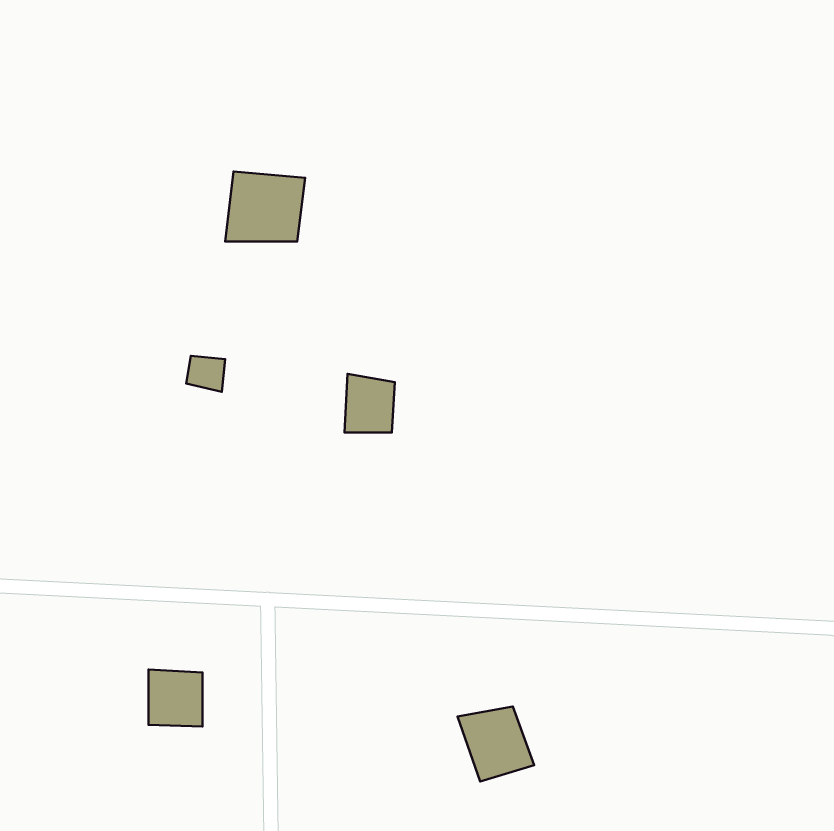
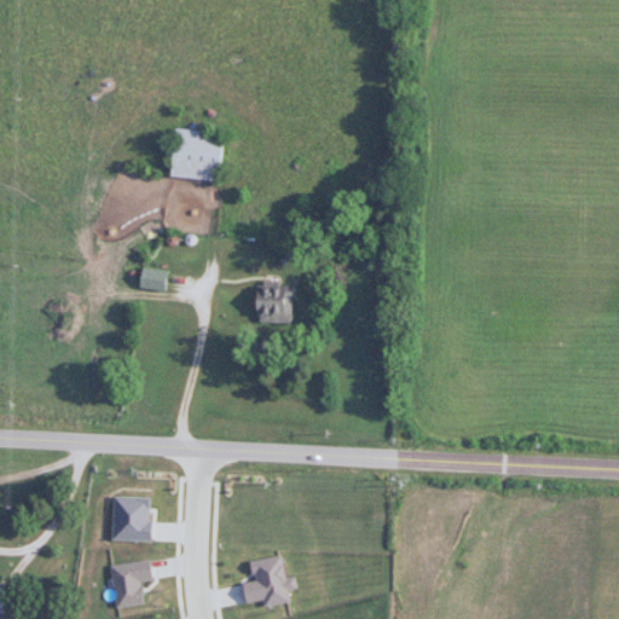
building: [457,707,534,782] -> [238,556,295,612]
building: none -> [111,562,154,607]

